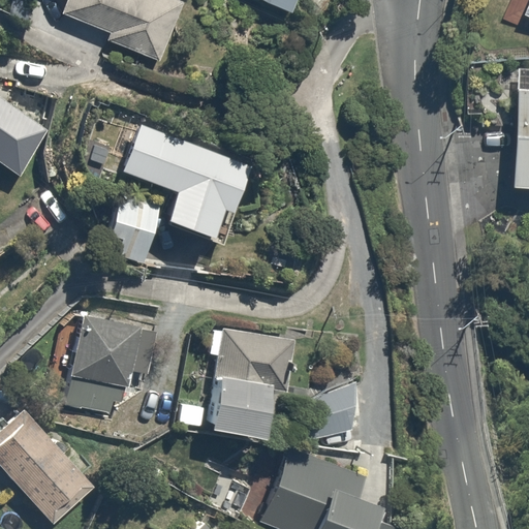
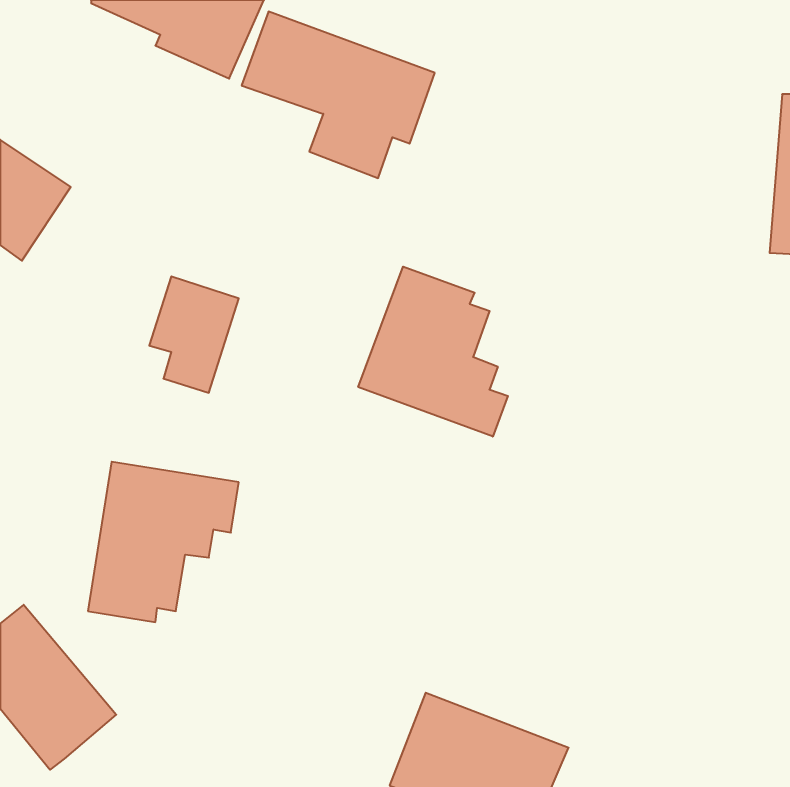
building: [120,125,247,235] -> [242,12,435,178]
building: none -> [358,267,508,437]
building: [206,329,290,433] -> none

